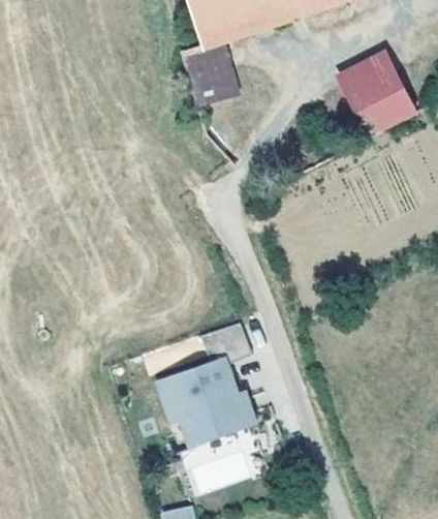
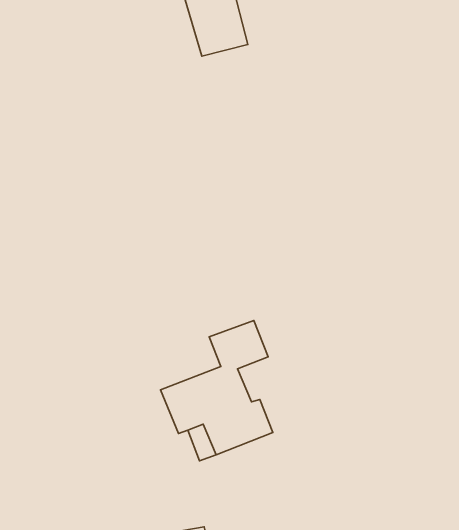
building: [341,50,413,126] -> none

